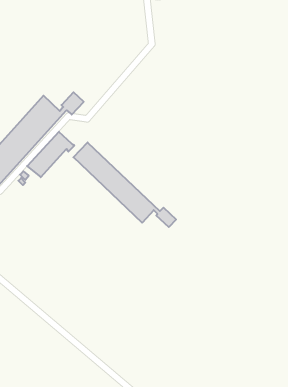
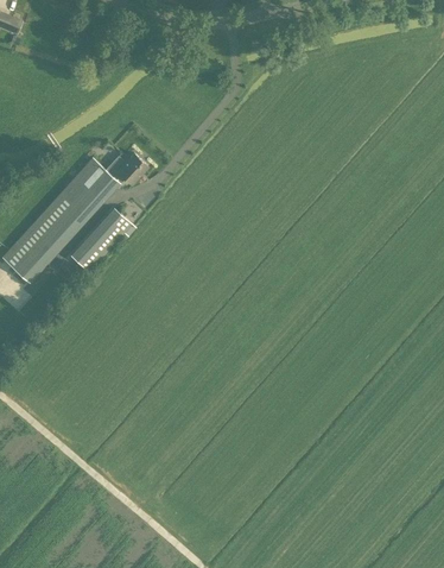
building: [73,142,176,227] -> none

